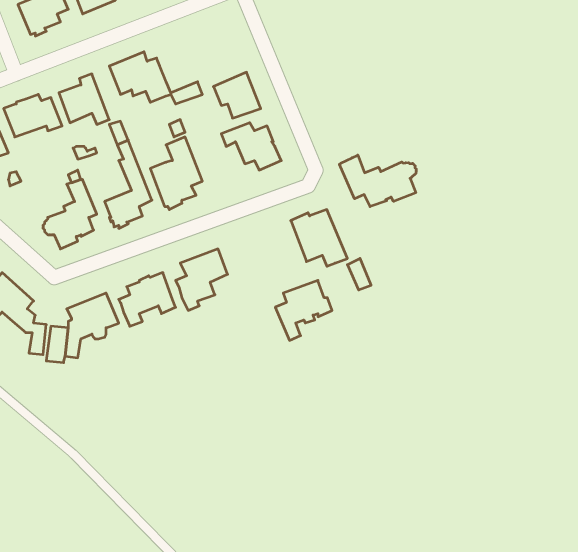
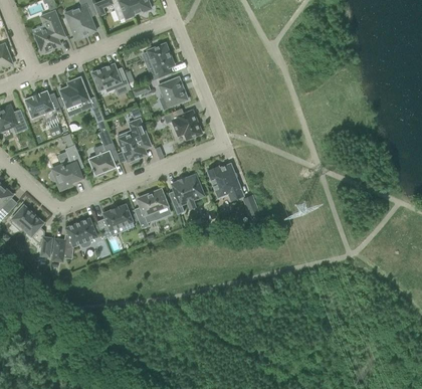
building: none -> [145,43,174,80]
building: [339,155,416,207] -> none
building: [275,280,332,340] -> [168,176,204,214]

